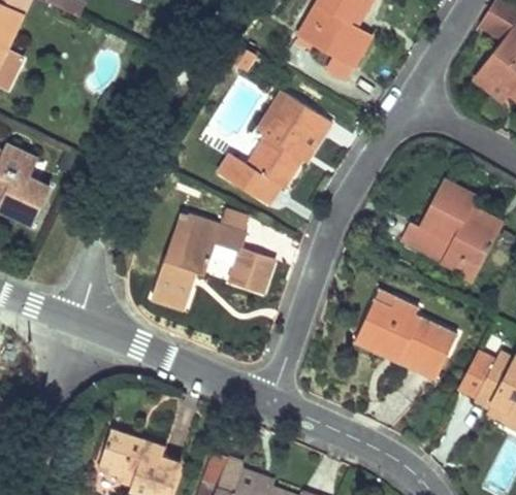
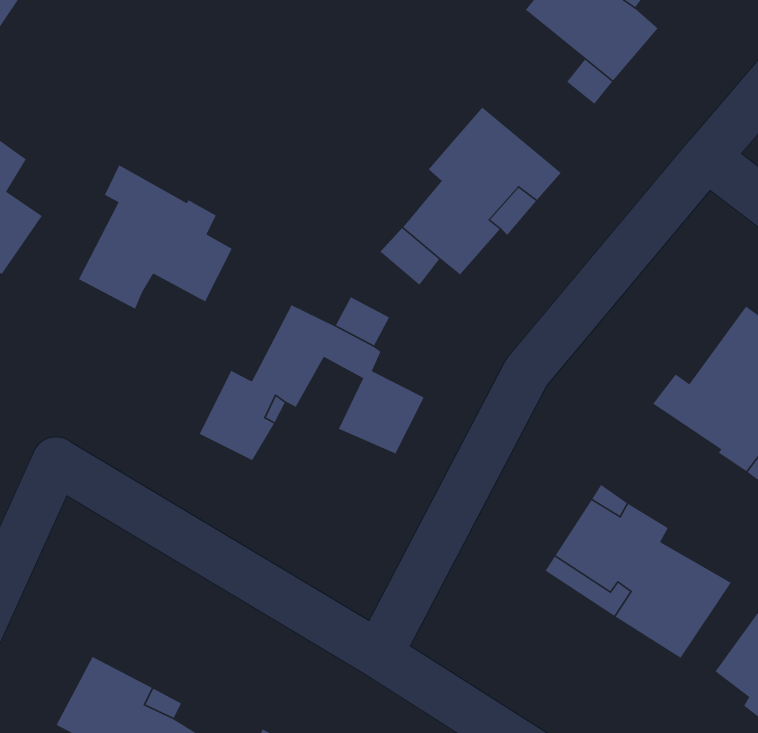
building: none -> [78,164,233,310]

